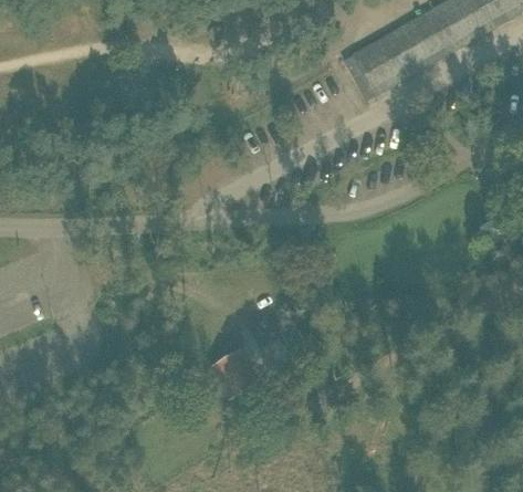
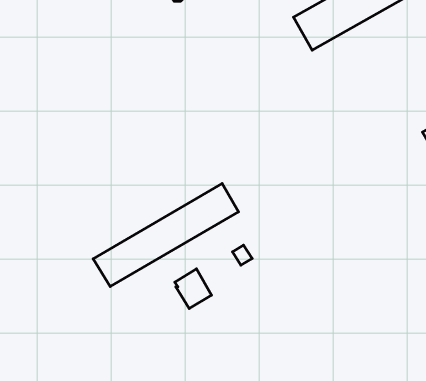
building: none -> [93,184,239,287]

